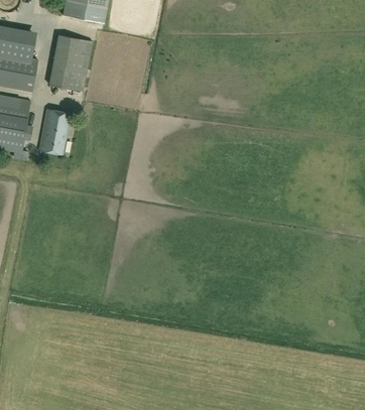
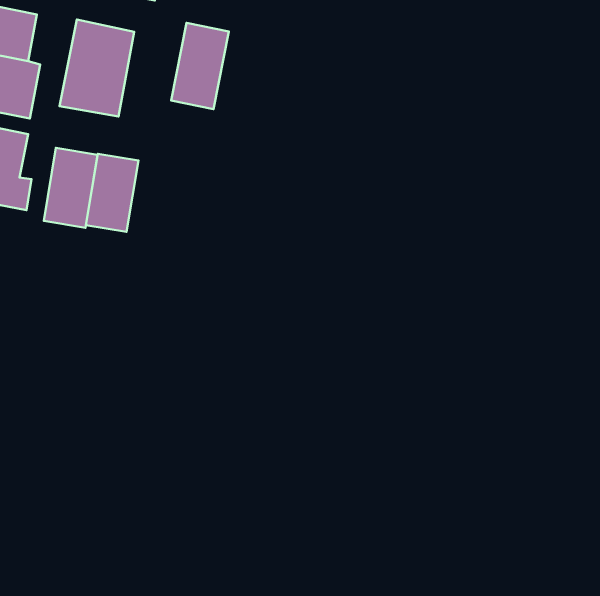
building: none -> [171,23,229,109]
building: none -> [86,154,138,232]

